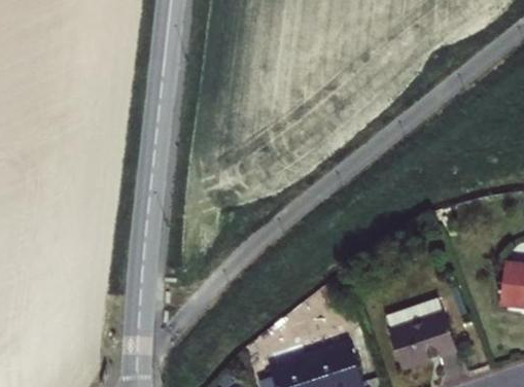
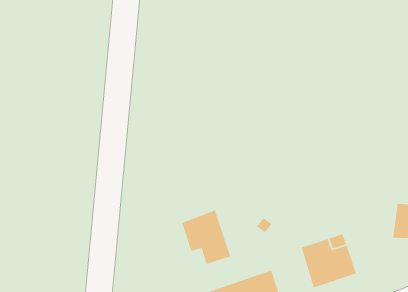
building: none -> [181,209,231,265]

